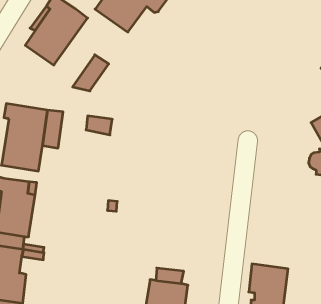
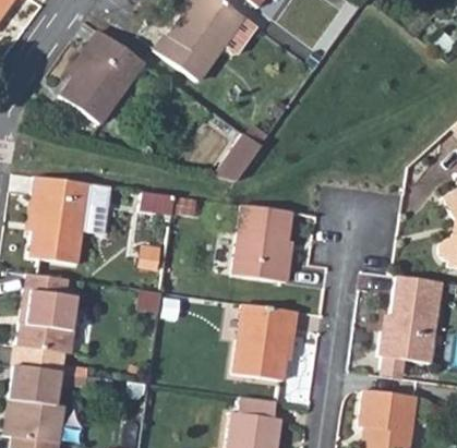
building: [73,55,109,91] -> [216,132,264,180]
building: none -> [233,204,294,283]
building: none -> [381,277,442,372]
building: none -> [234,302,299,379]

